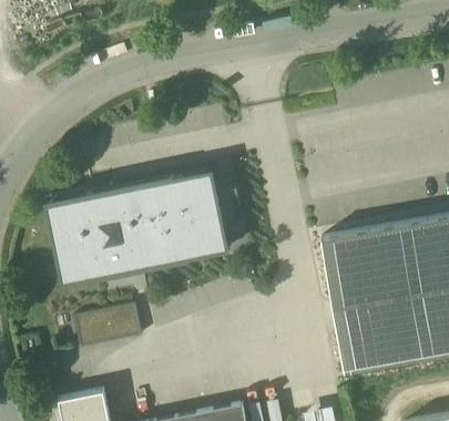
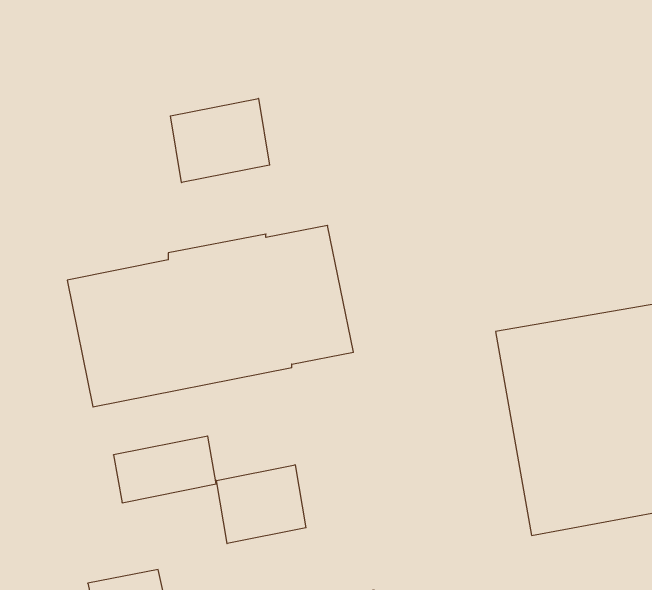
building: none -> [170,98,270,183]
building: none -> [216,465,306,544]

